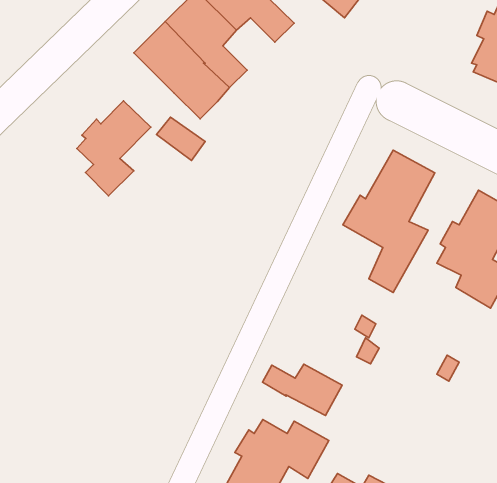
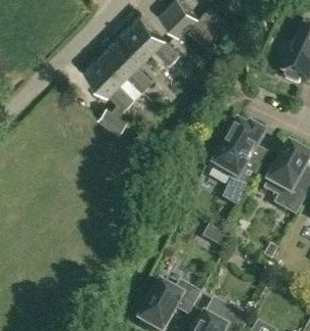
building: [77,101,151,196] -> none
building: [262,364,342,416] -> none

